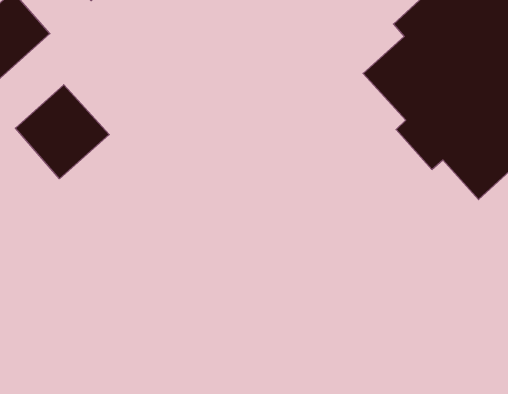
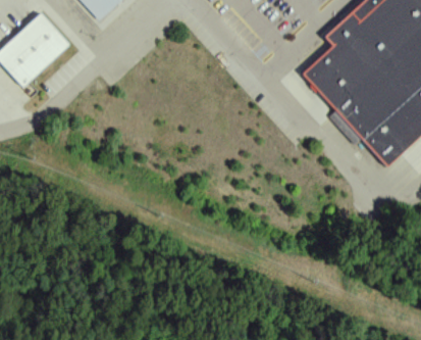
building: [15,85,109,179] -> none

